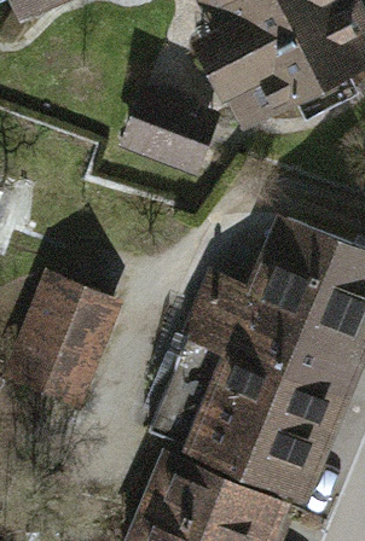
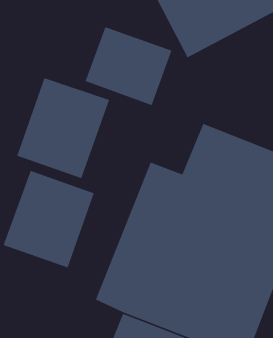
building: none -> [16,77,110,179]

